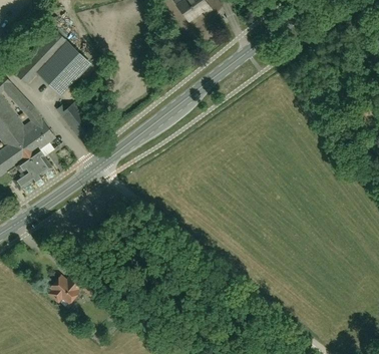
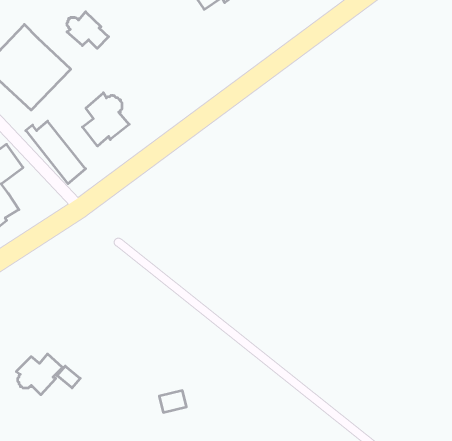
building: none -> [67,12,109,48]
building: none -> [82,93,129,146]

